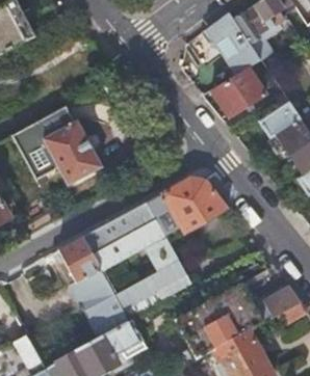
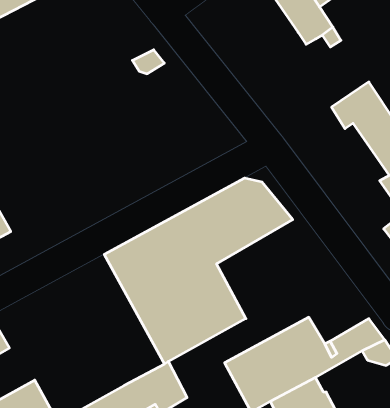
building: [210,69,264,118] -> none
building: [14,106,102,185] -> none
building: [52,236,129,338] -> none

